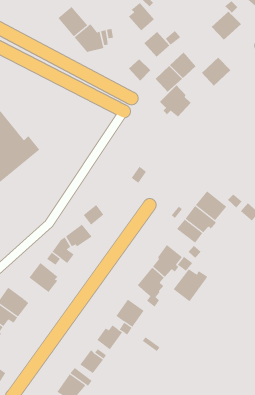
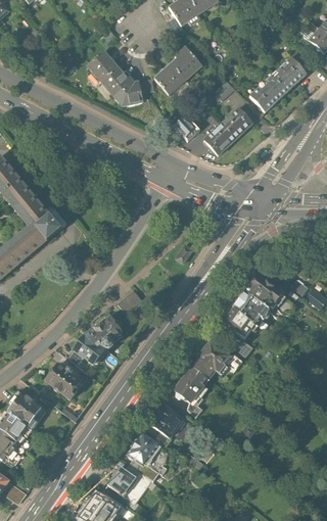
building: [144,31,170,58] -> [153,64,185,96]
building: [201,57,231,87] -> [248,77,284,112]
building: [159,85,191,117] -> none
building: [173,268,208,302] -> none

